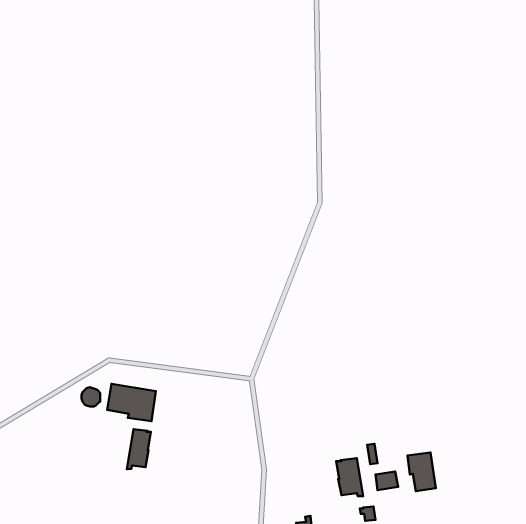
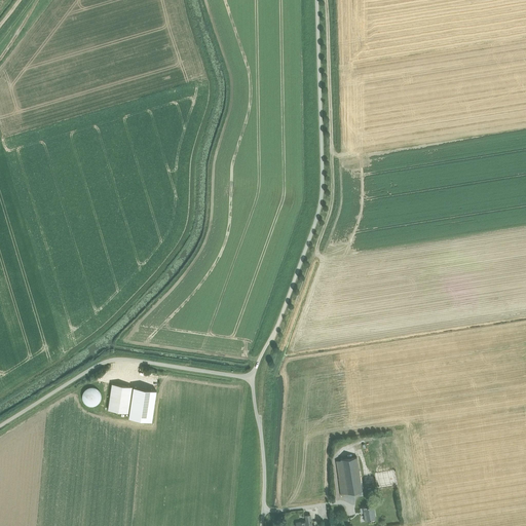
building: [127,429,151,469] -> none
building: [407,452,436,491] -> none

